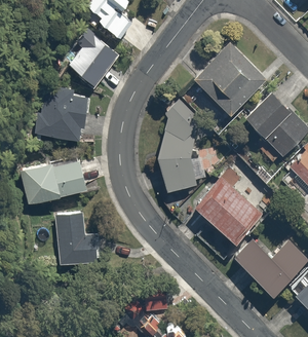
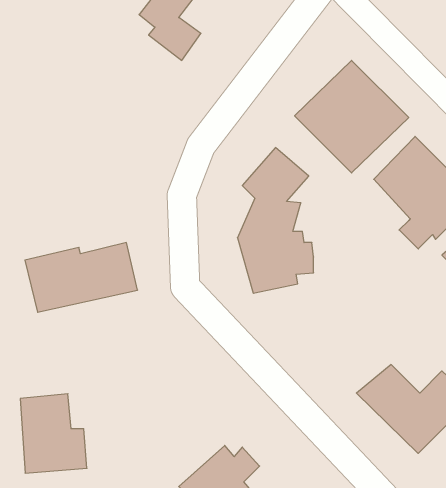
building: [69,30,119,85] -> none
building: [35,87,90,138] -> none
building: [195,165,273,244] -> none
building: [55,213,99,264] -> [20,394,87,473]

